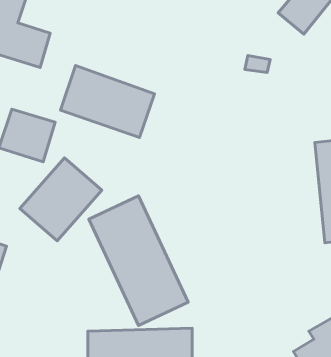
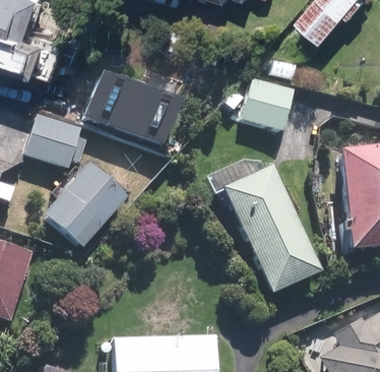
building: none -> [238,79,291,132]
building: [89,196,188,325] -> [220,165,320,295]

